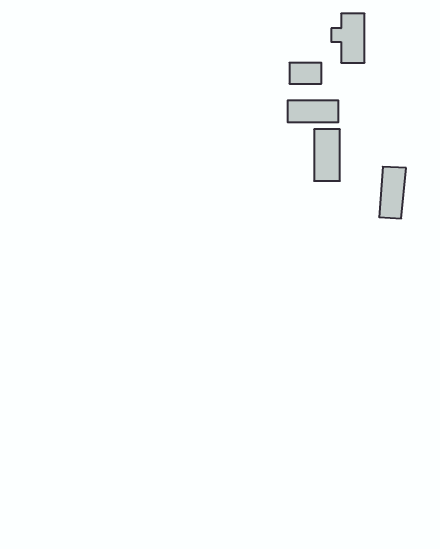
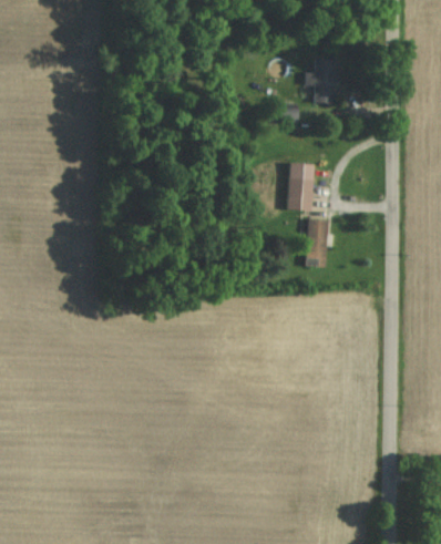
building: [288,100,338,122] -> none
building: [379,167,406,218] -> [306,219,330,266]

